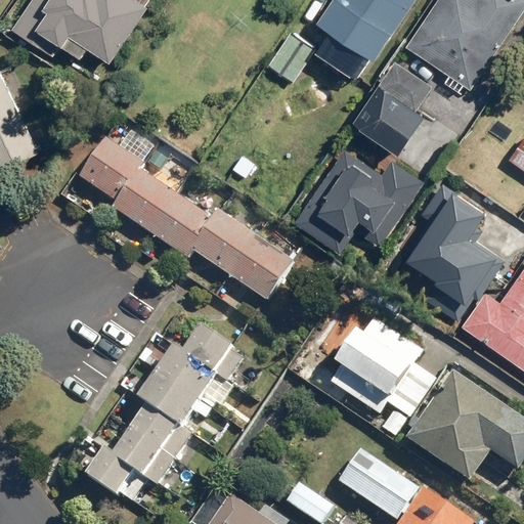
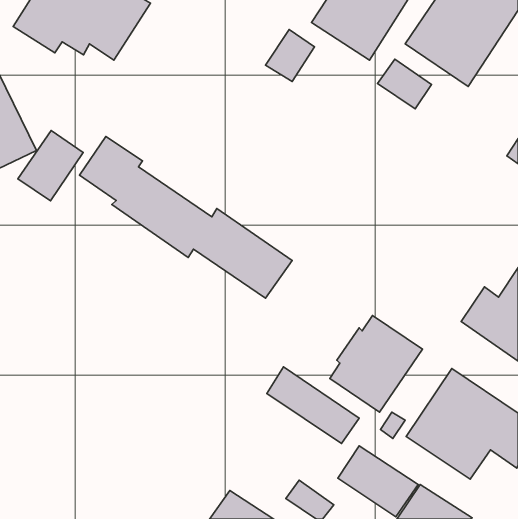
building: [350,87,421,155] -> none
building: none -> [18,130,83,201]
building: [291,149,418,253] -> none
building: [406,184,499,319] -> none
building: [89,328,235,496] -> none
building: none -> [267,367,359,444]

